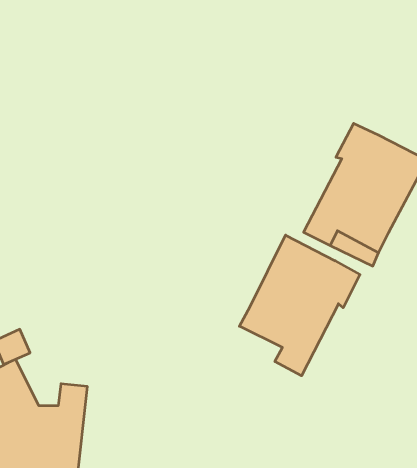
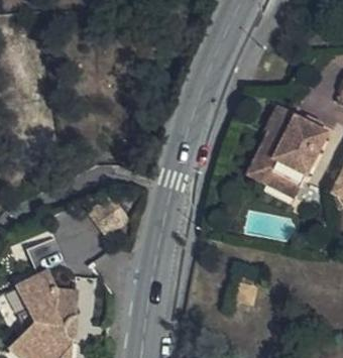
building: [239,235,360,376] -> none

